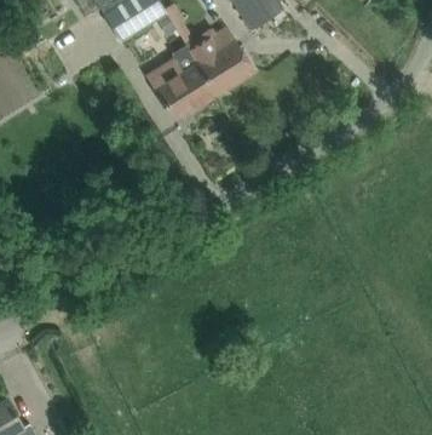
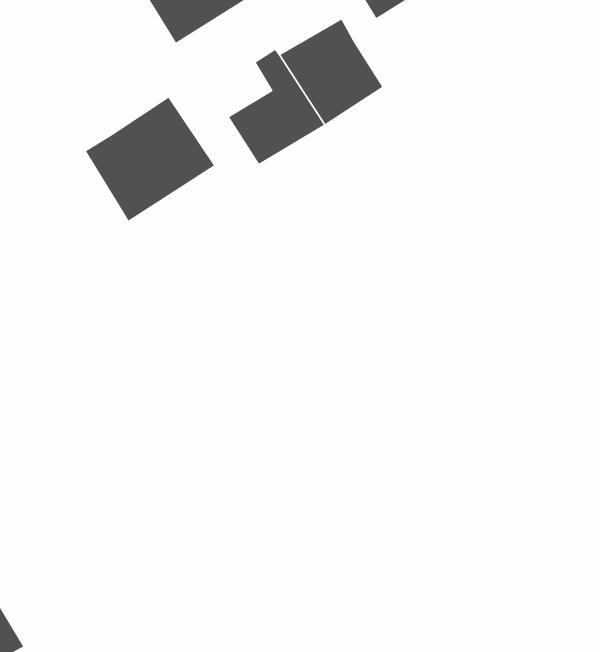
building: none -> [85,97,215,221]

